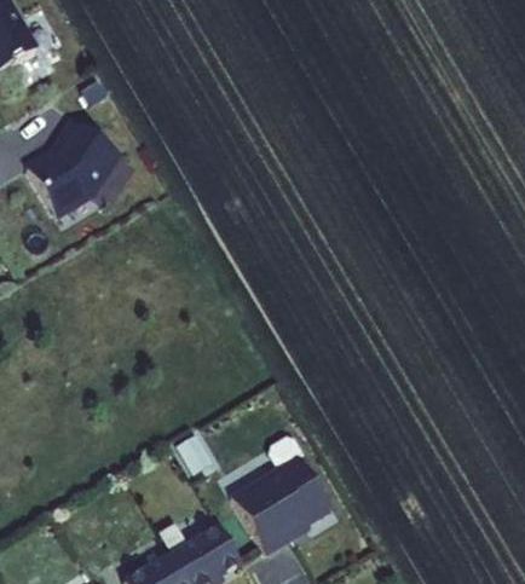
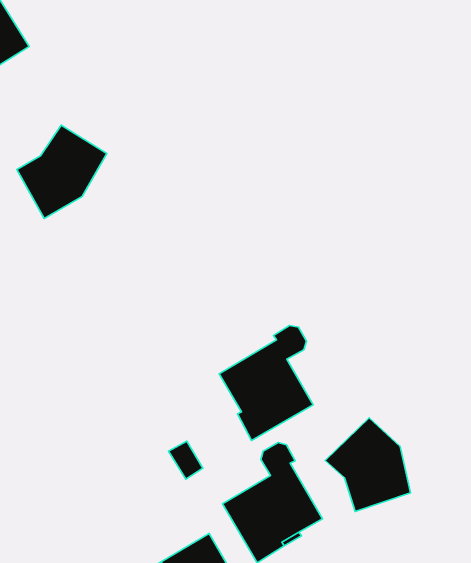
building: none -> [219,326,313,441]
building: none -> [325,418,411,512]

